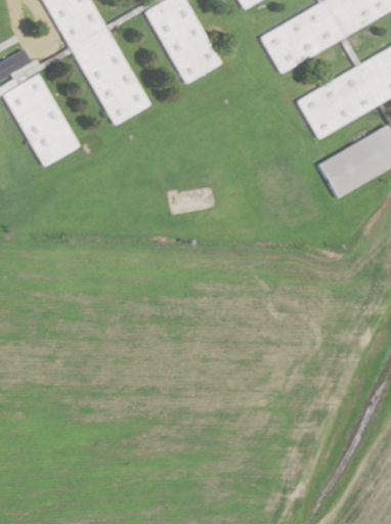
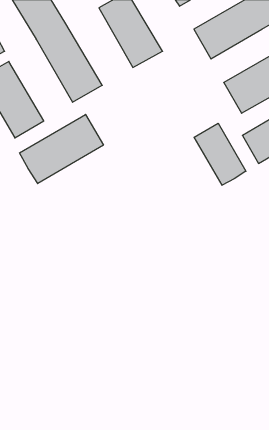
building: none -> [20,114,103,184]
building: none -> [194,123,246,185]

